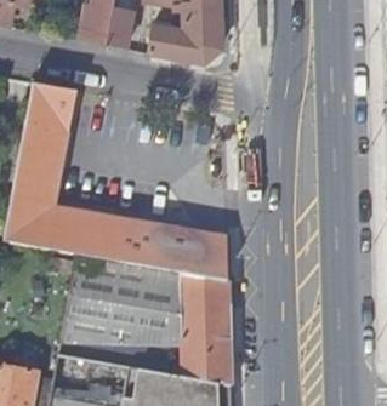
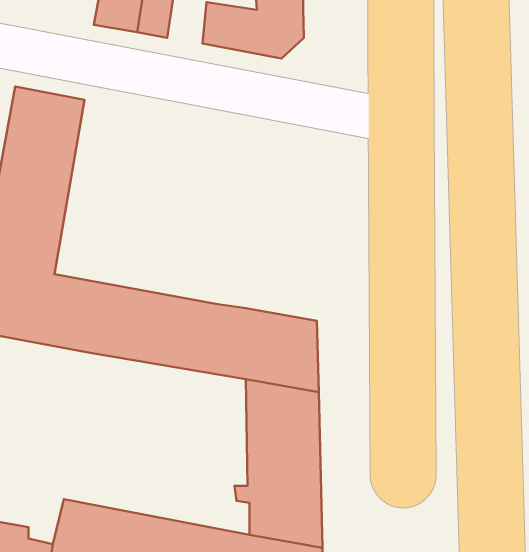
building: [67,256,183,342] -> none

